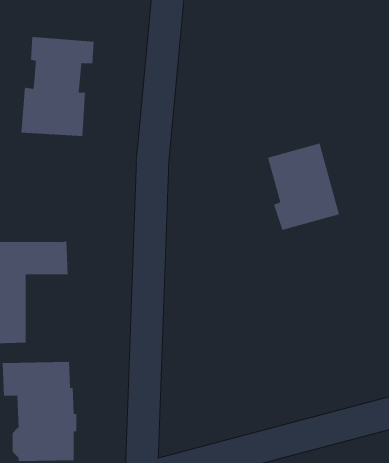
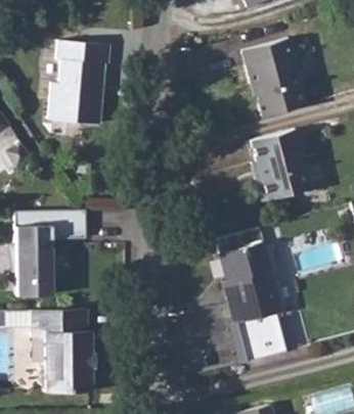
building: none -> [240,38,306,116]
building: none -> [219,242,292,365]

